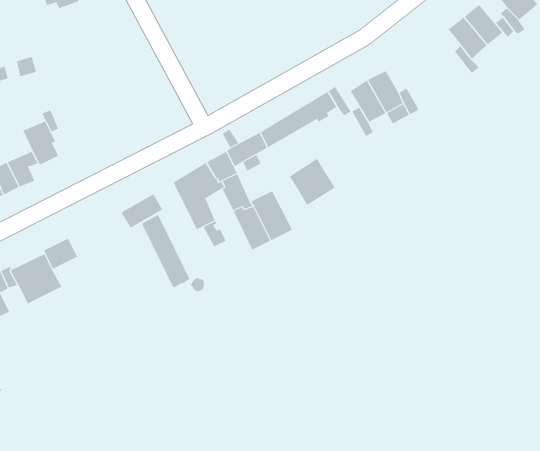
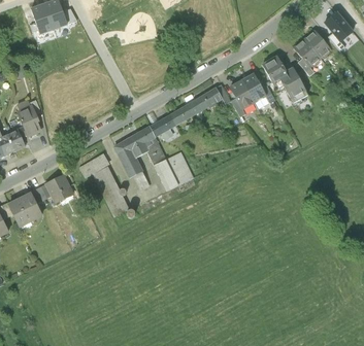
building: none -> [262,56,307,102]
building: [289,158,335,206] -> none
building: none -> [46,174,72,201]

